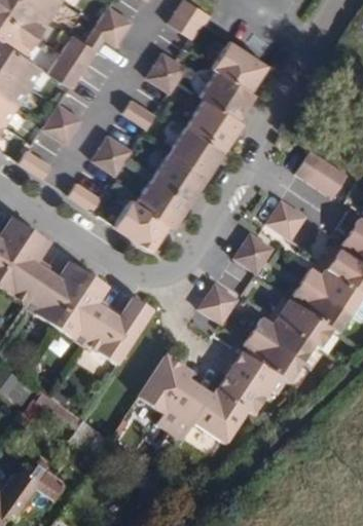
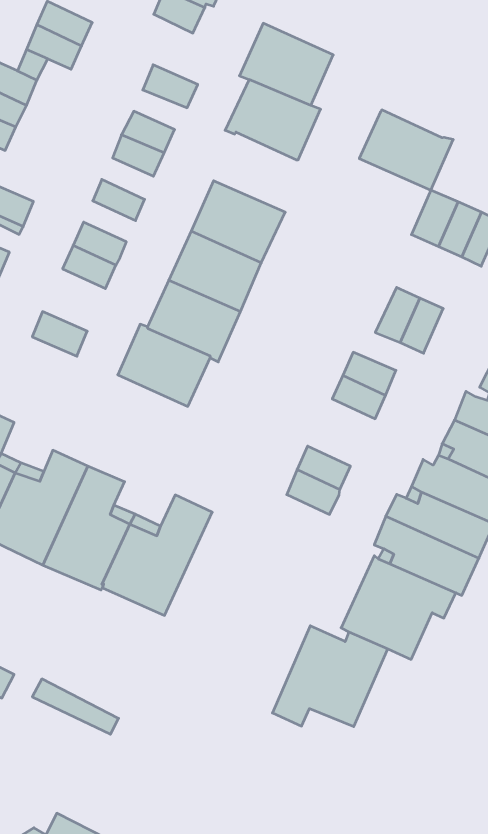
building: [186,98,242,148] -> [359,110,453,190]
building: [140,356,199,433] -> none

